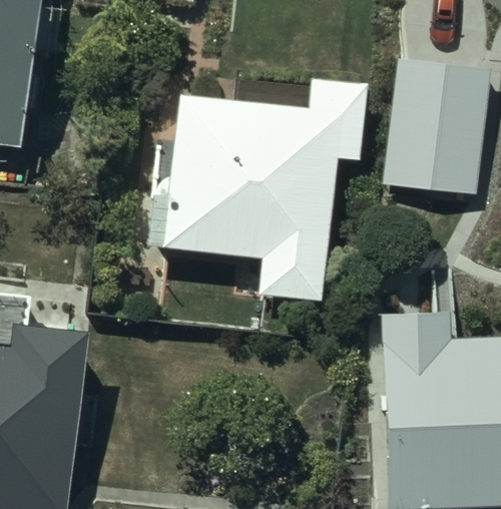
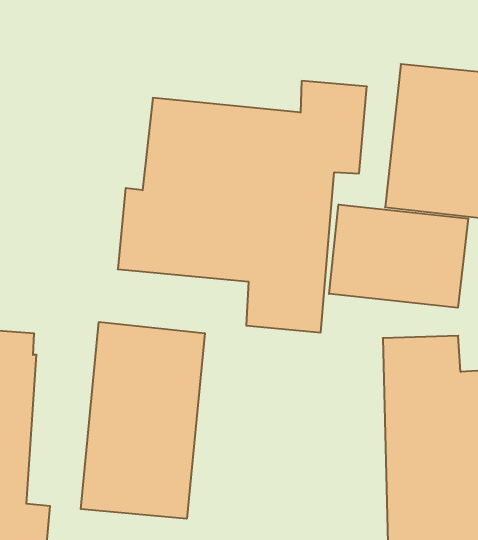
building: none -> [329,204,468,308]
building: none -> [81,322,205,519]

